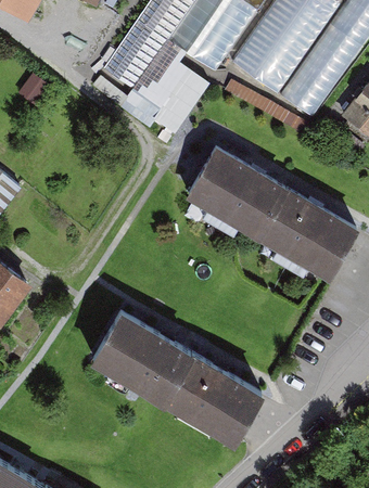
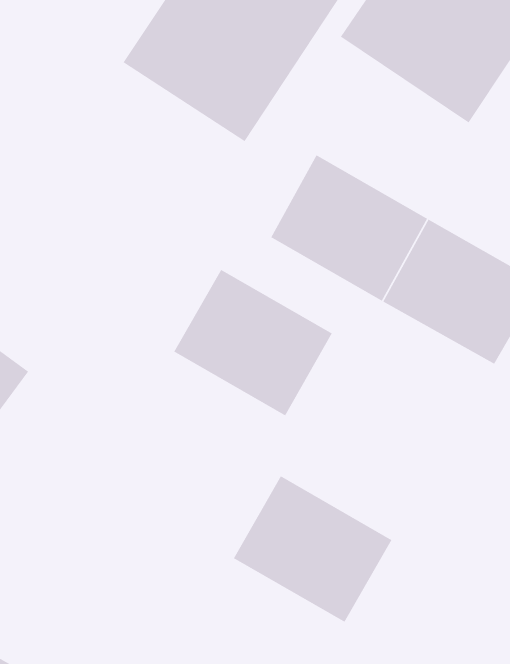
building: [90,309,192,403] -> [173,269,333,417]

